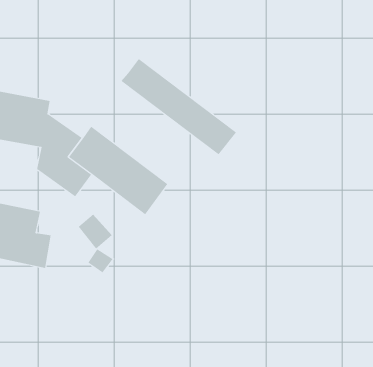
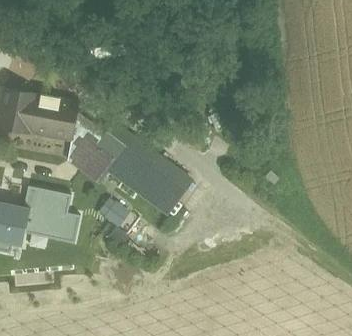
building: [120,58,237,155] -> none
building: none -> [156,172,192,211]

